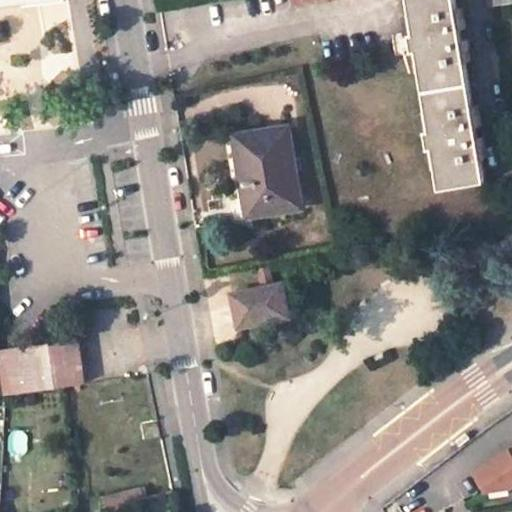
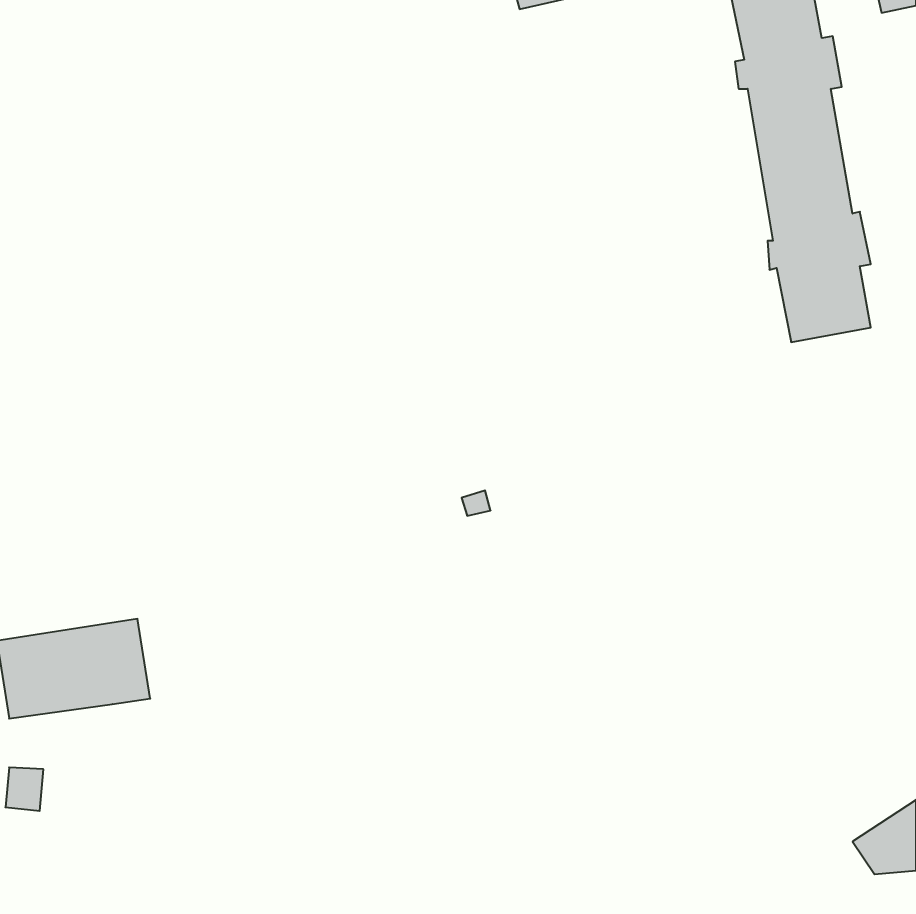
building: [231,129,297,217] -> none
building: [227,284,284,328] -> none

